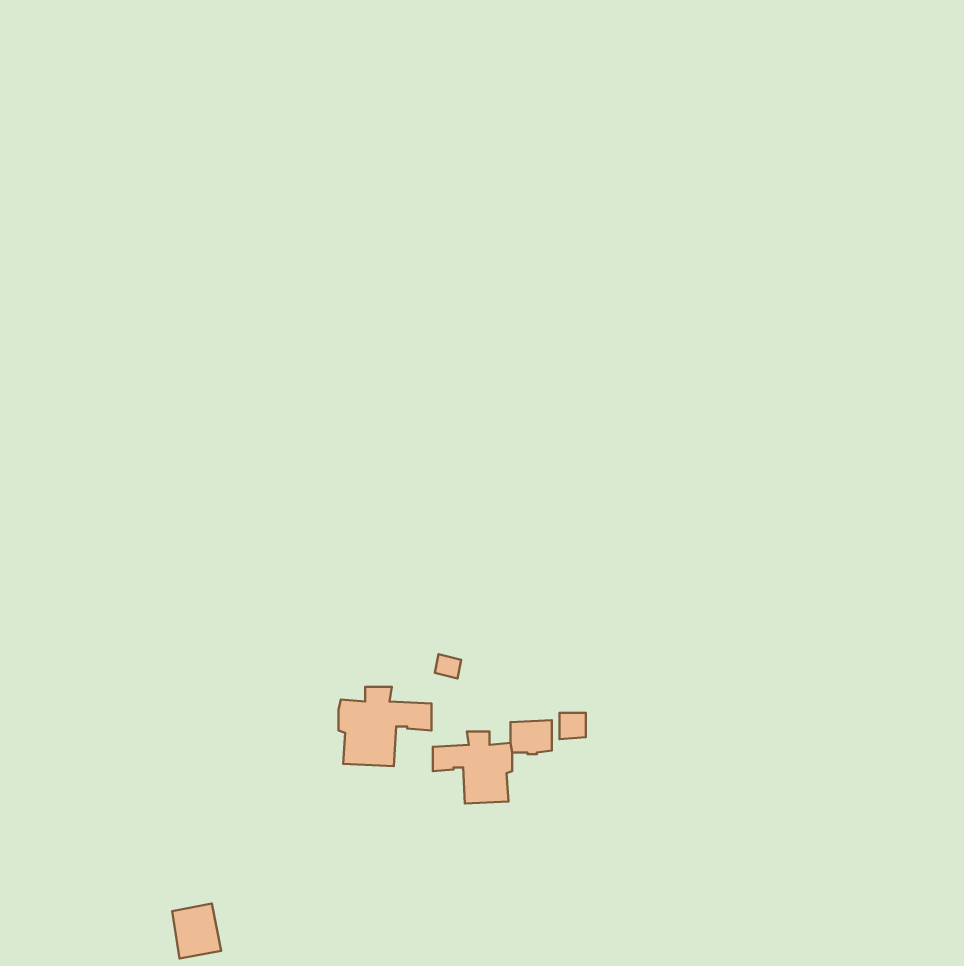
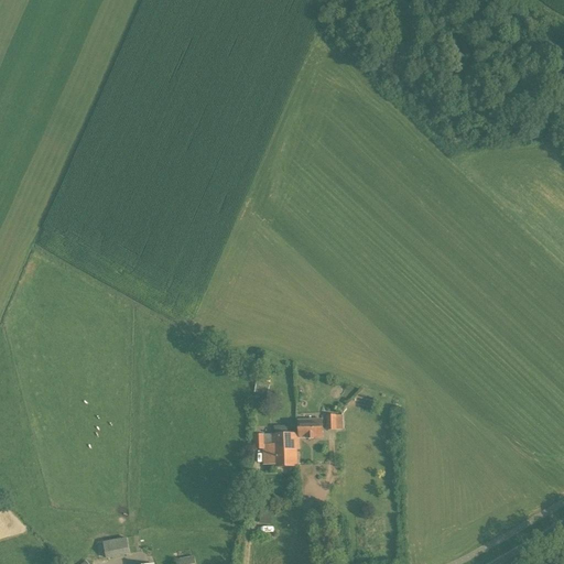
building: [339,687,432,766] -> none

